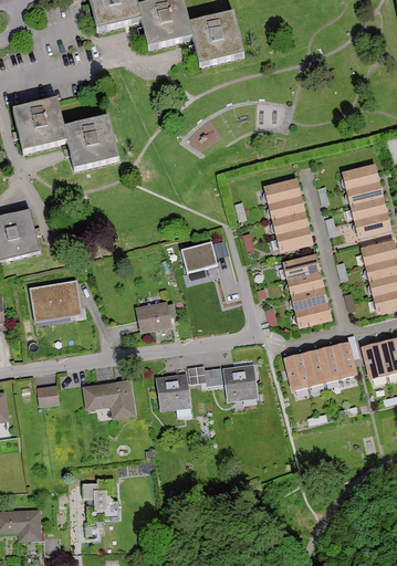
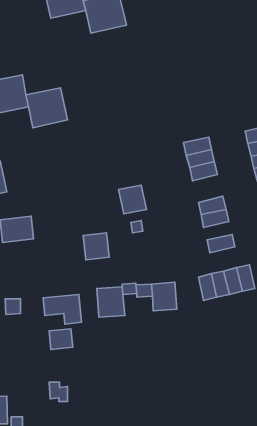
building: [189,12,242,63] -> none
building: [276,228,312,251] -> none
building: [291,287,327,311] -> none
building: none -> [49,329,73,349]

